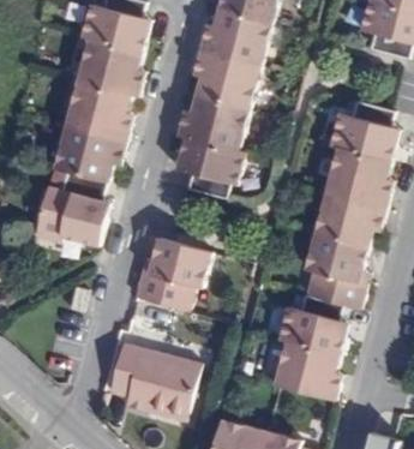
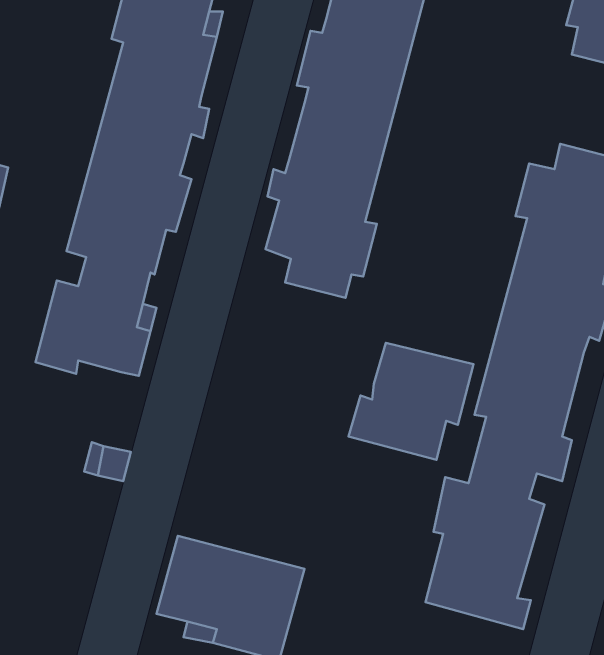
building: [134,238,211,310] -> [349,343,474,460]

